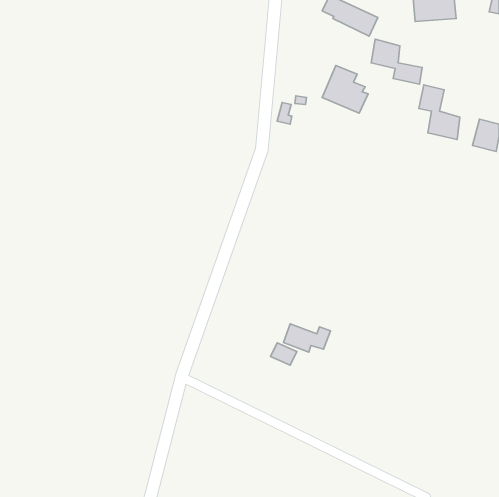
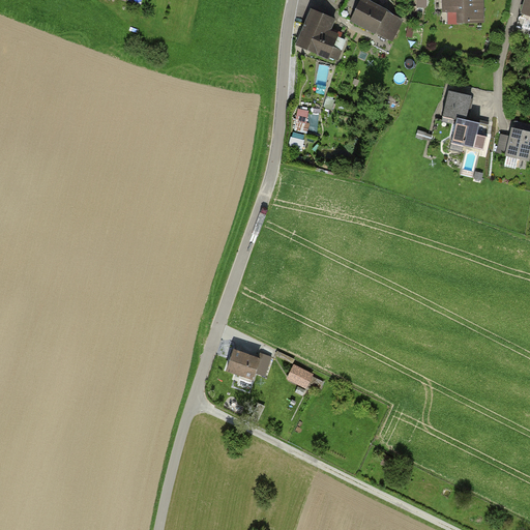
building: [371,39,422,84] -> none
building: [322,65,368,113] -> [297,9,346,60]
building: [283,324,330,352] -> [223,349,272,379]

